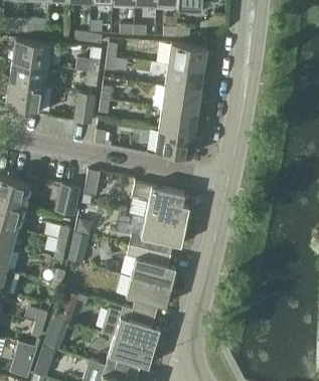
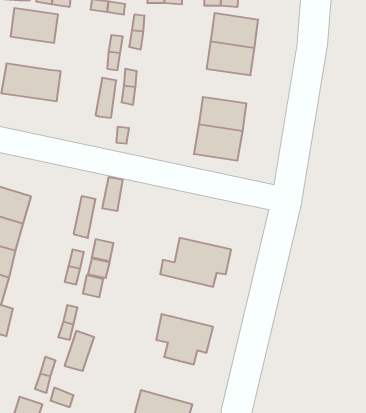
building: [9,61,46,87] -> none
building: [162,86,199,114] -> none
building: [132,184,188,227] -> none
building: [127,246,175,288] -> none
building: [101,308,159,348] -> none

